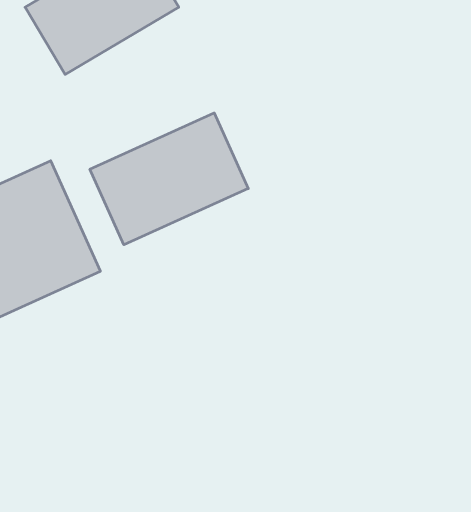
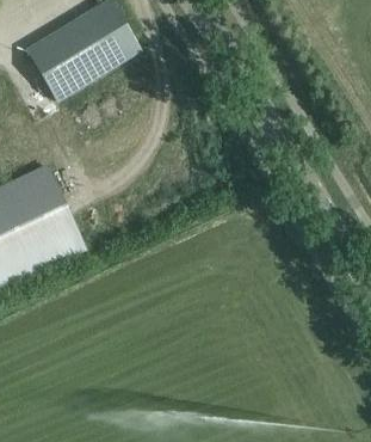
building: [90,113,248,245] -> none

